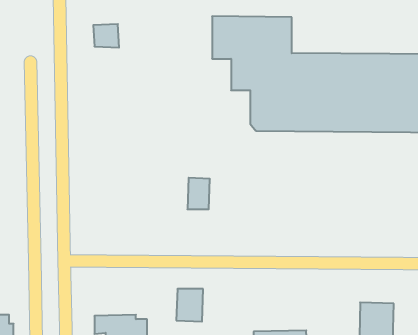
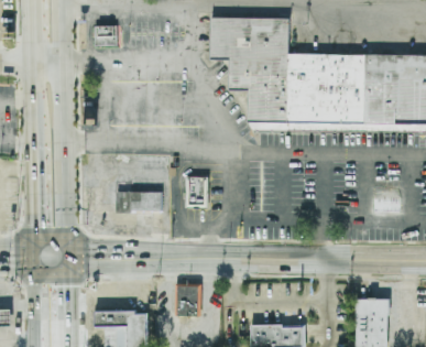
building: none -> [116,184,162,212]

